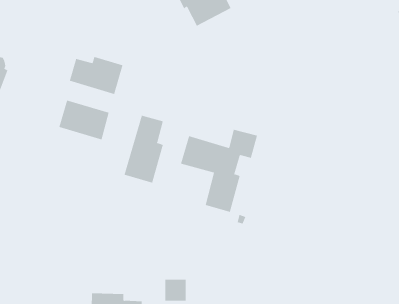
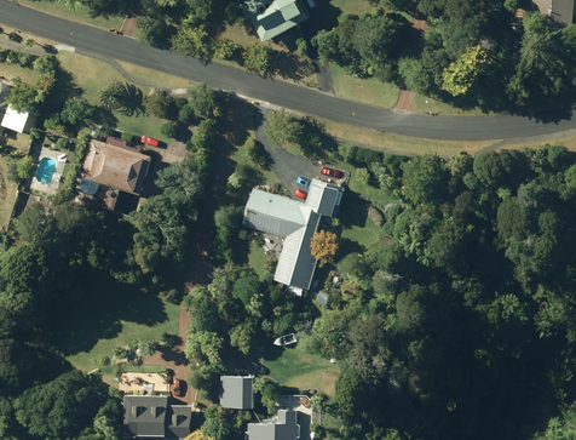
building: [69,56,123,95] -> none
building: [124,115,164,183] -> none

